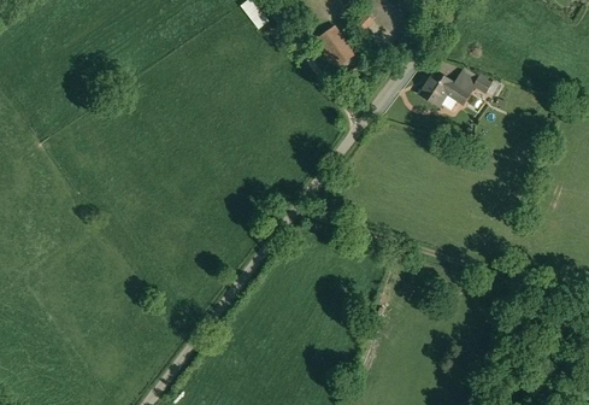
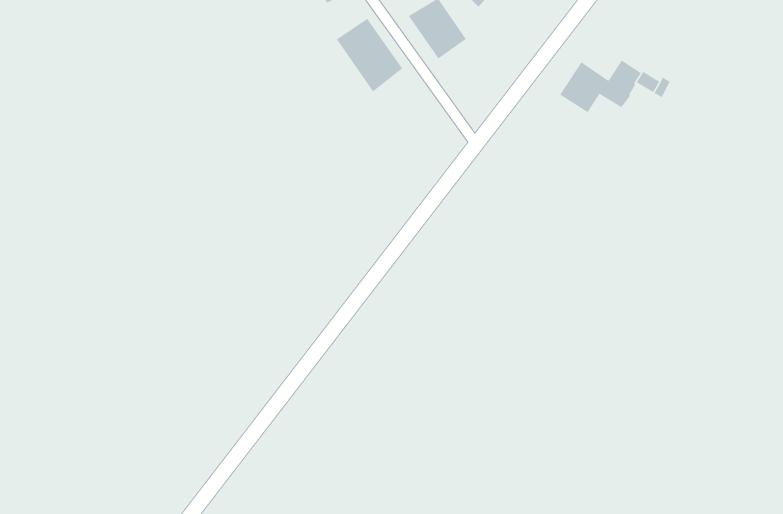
building: none -> [336,18,403,93]

